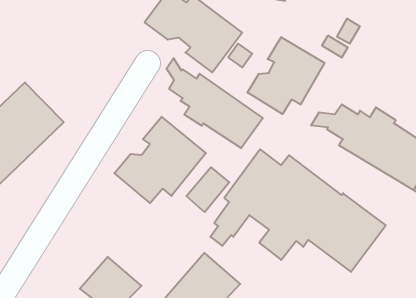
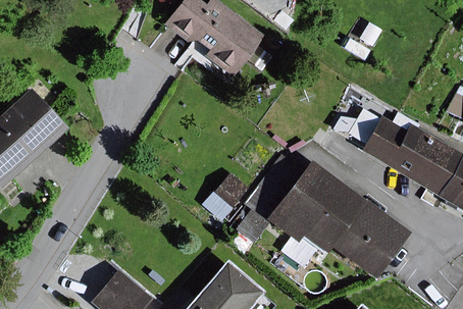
building: [247,37,324,114] -> none
building: [167,58,263,148] -> none
building: [114,117,206,203] -> none

